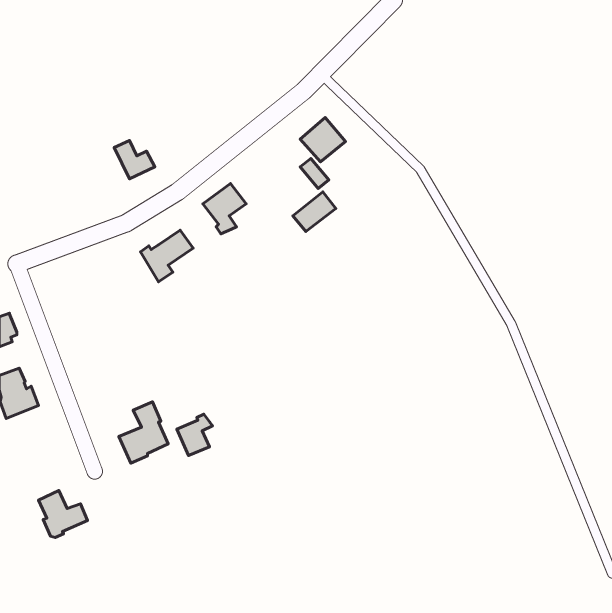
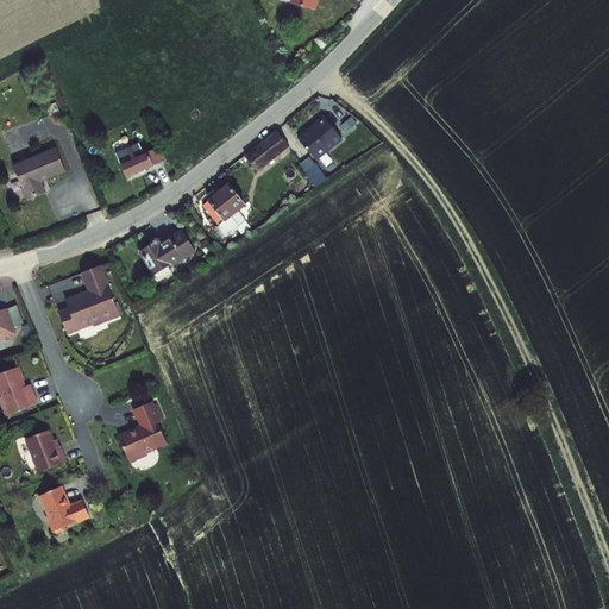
building: none -> [11,147,63,200]
building: [293,192,336,231] -> [247,131,290,170]
building: none -> [59,264,119,332]
building: [177,414,212,456] -> none
building: none -> [24,428,64,470]

